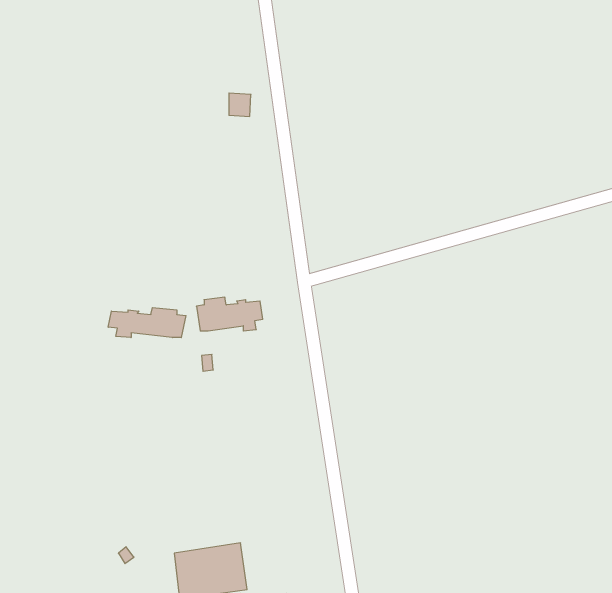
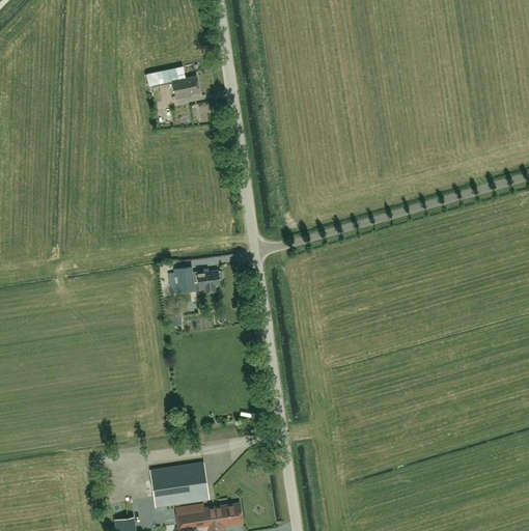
building: none -> [146,66,200,100]
building: [108,308,186,338] -> none

